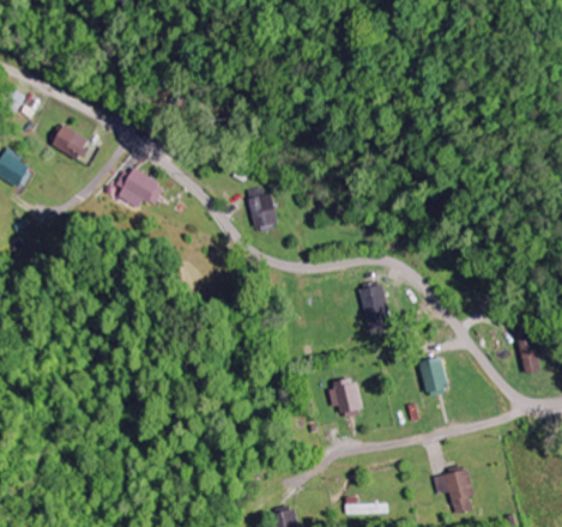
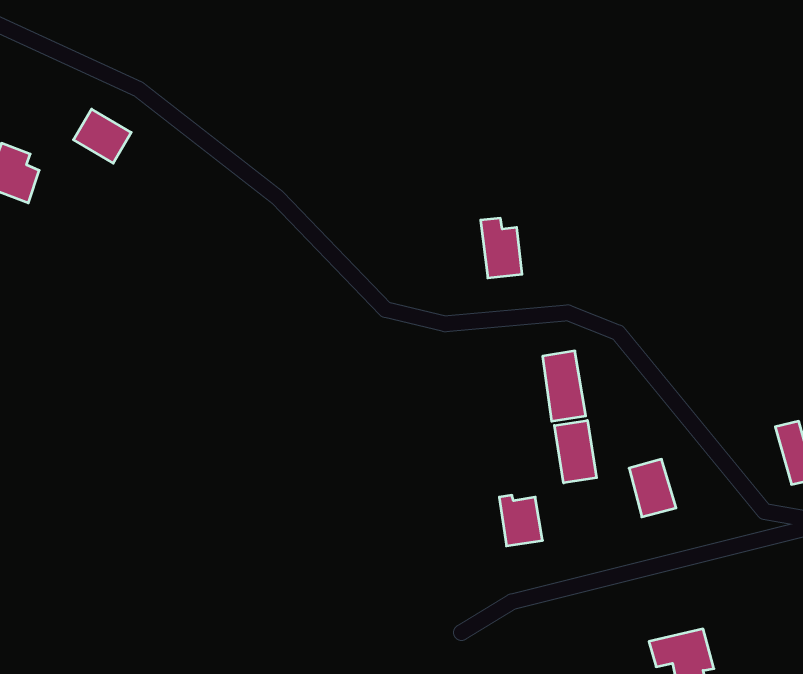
building: [110,164,164,210] -> none
building: [249,187,277,226] -> [481,218,522,278]
building: none -> [554,420,597,483]

